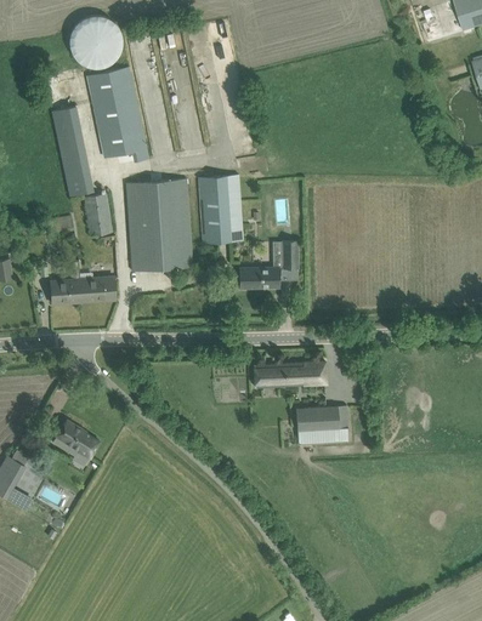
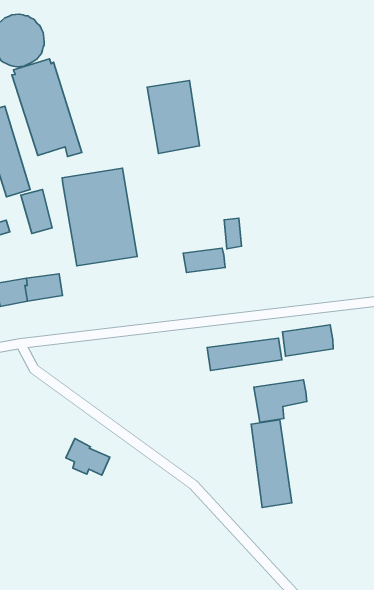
building: [198,175,244,244] -> [147,81,199,153]
building: none -> [283,325,333,356]
building: [56,418,100,457] -> [66,439,110,475]
building: none -> [251,420,292,508]

